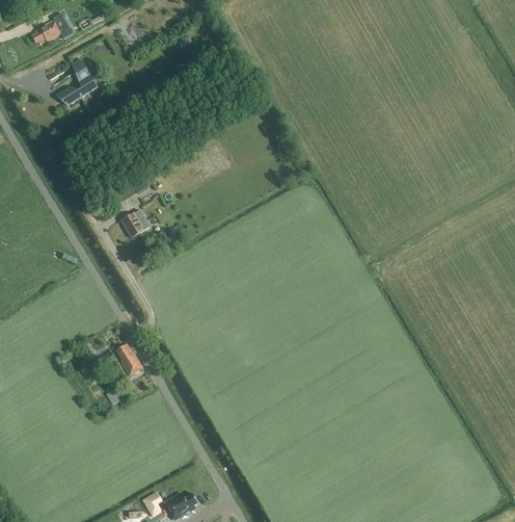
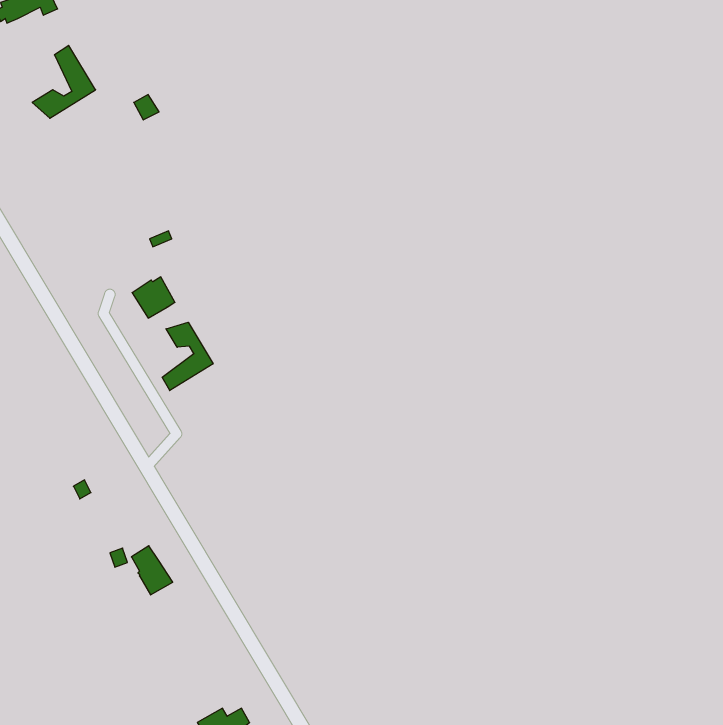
building: none -> [162,322,213,391]
building: [115,343,142,375] -> [131,546,173,595]

